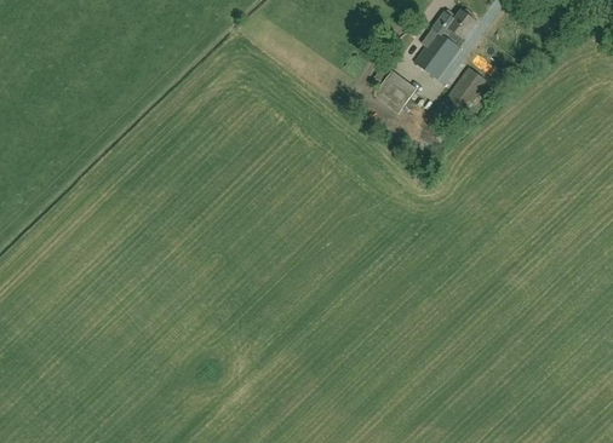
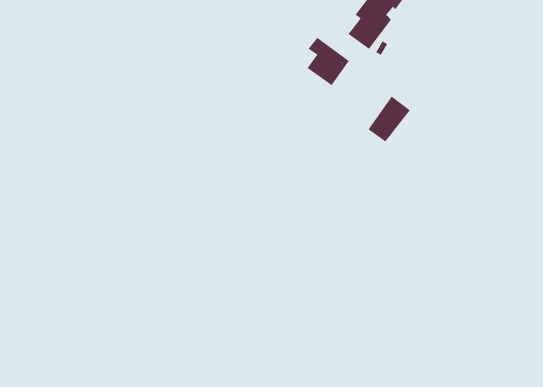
building: [445,67,488,114] -> [367,96,411,143]

